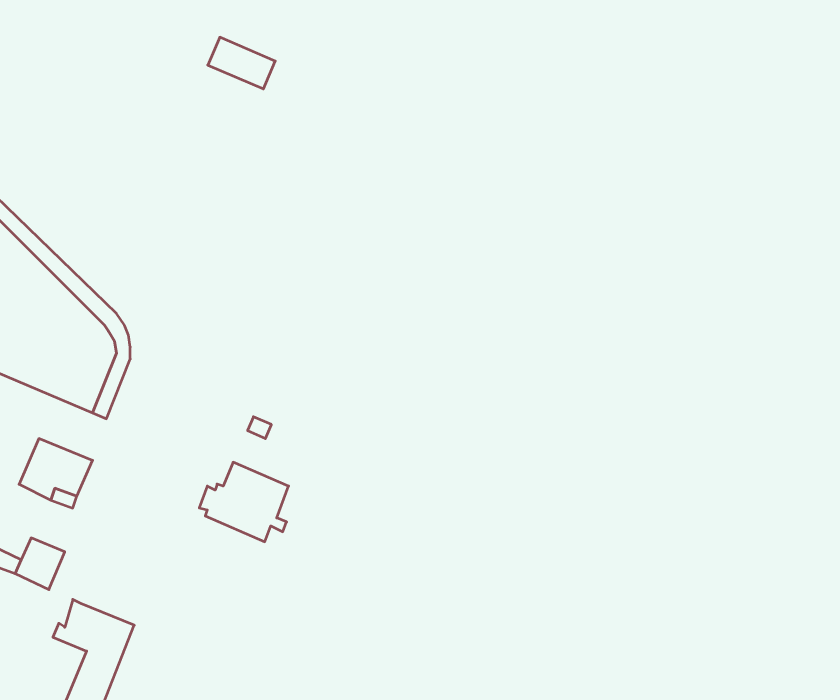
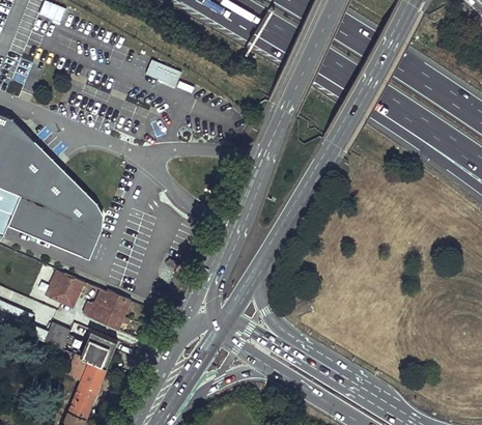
building: [199,462,289,542] -> [82,288,129,330]
building: none -> [78,330,116,367]

